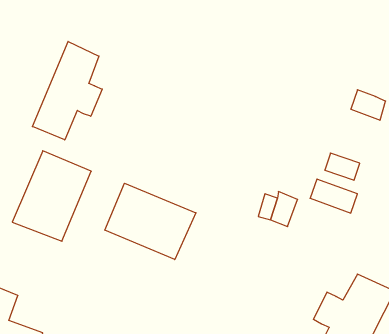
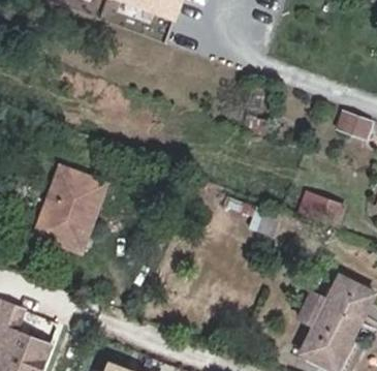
building: [32,41,102,140] -> none
building: [105,183,196,260] -> none

